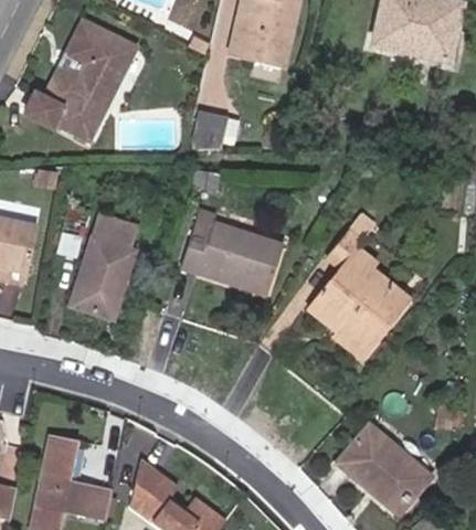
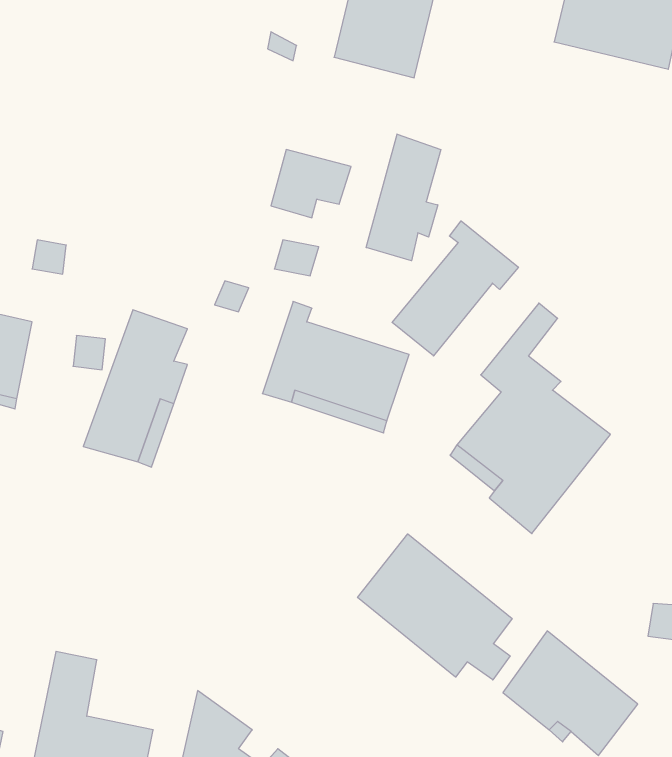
building: [24,23,133,142] -> none
building: none -> [366,134,441,261]
building: none -> [392,221,518,356]
building: none -> [358,534,512,680]

